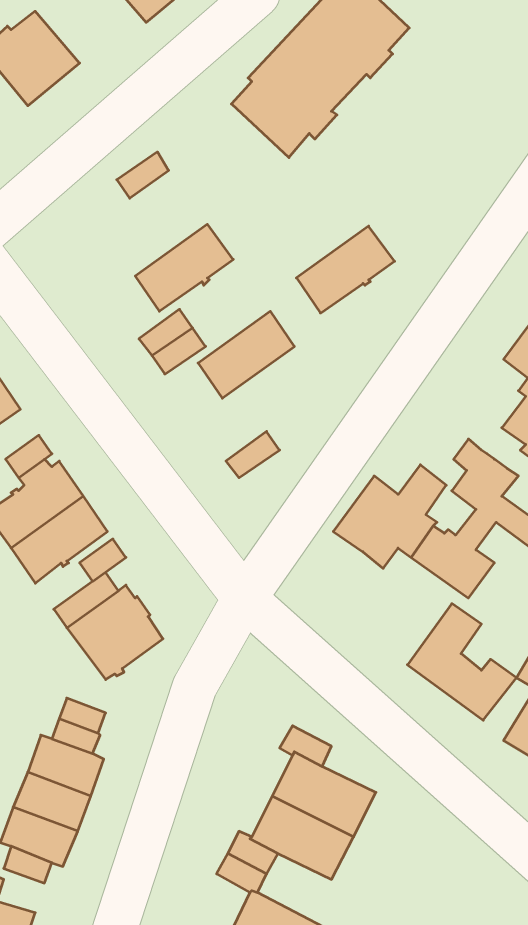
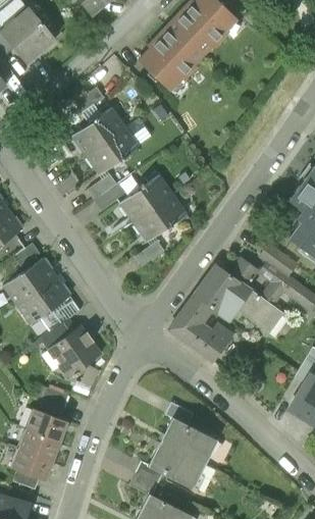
building: none -> [71,107,124,155]
building: [296,226,395,313] -> [133,194,187,242]
building: [407,604,517,720] -> [169,296,229,360]

